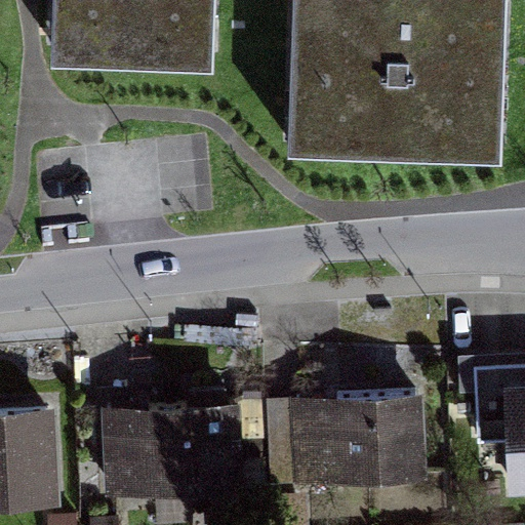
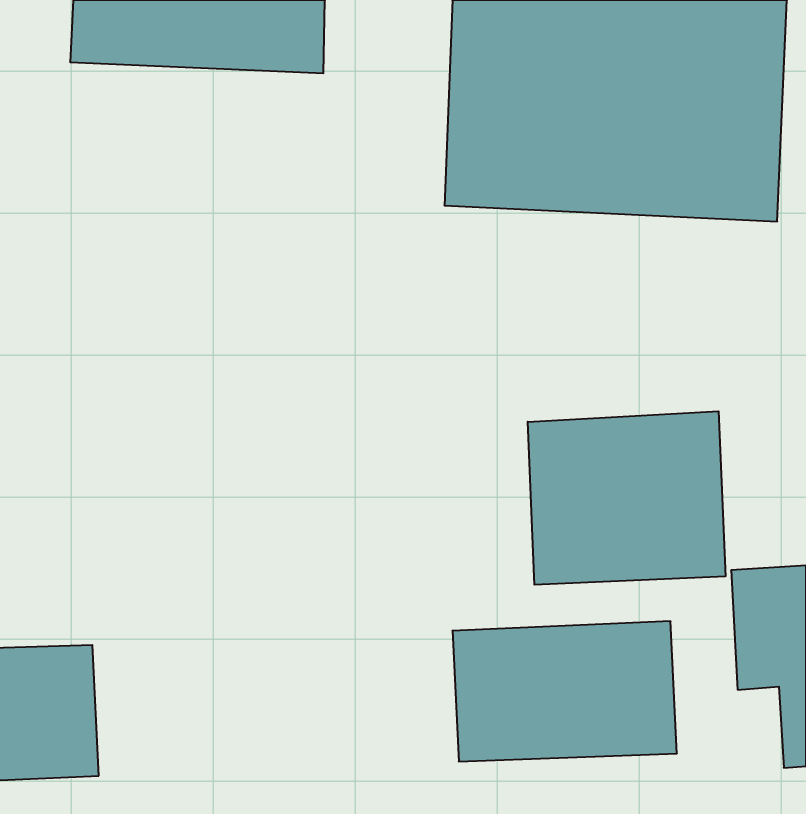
building: none -> [528,411,725,585]
building: [104,408,248,498] -> none

